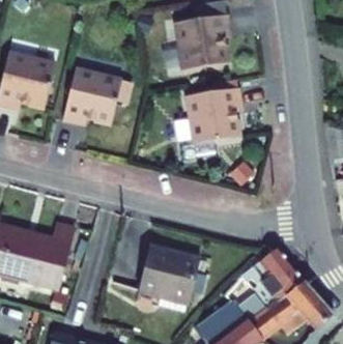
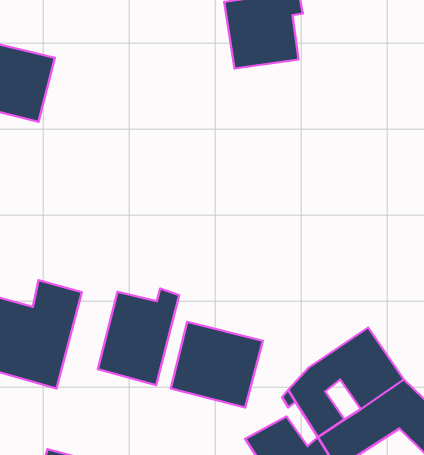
building: [65,64,124,120] -> none
building: [188,84,241,139] -> none
building: none -> [98,289,179,385]

